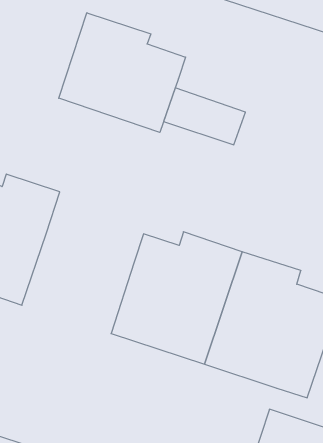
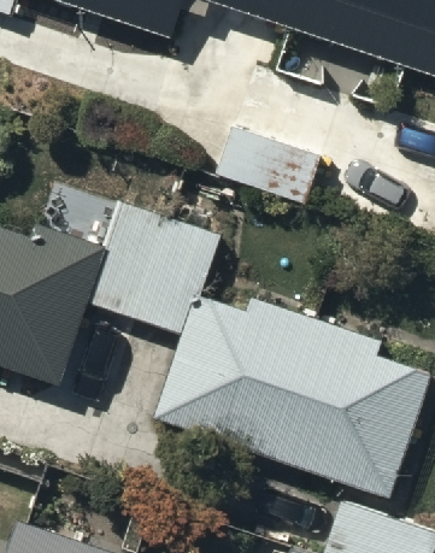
building: [59,13,186,132] -> none
building: none -> [86,198,219,329]

